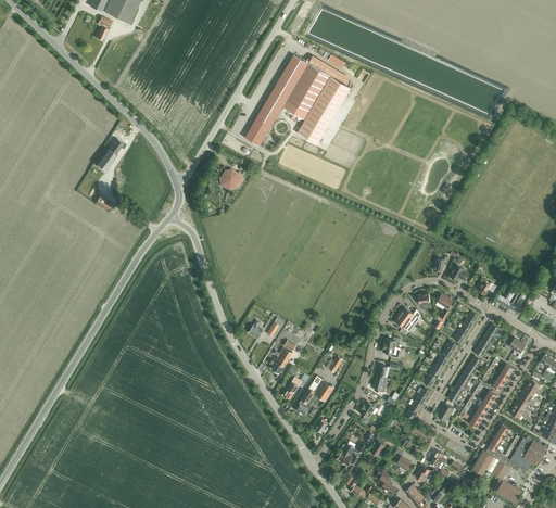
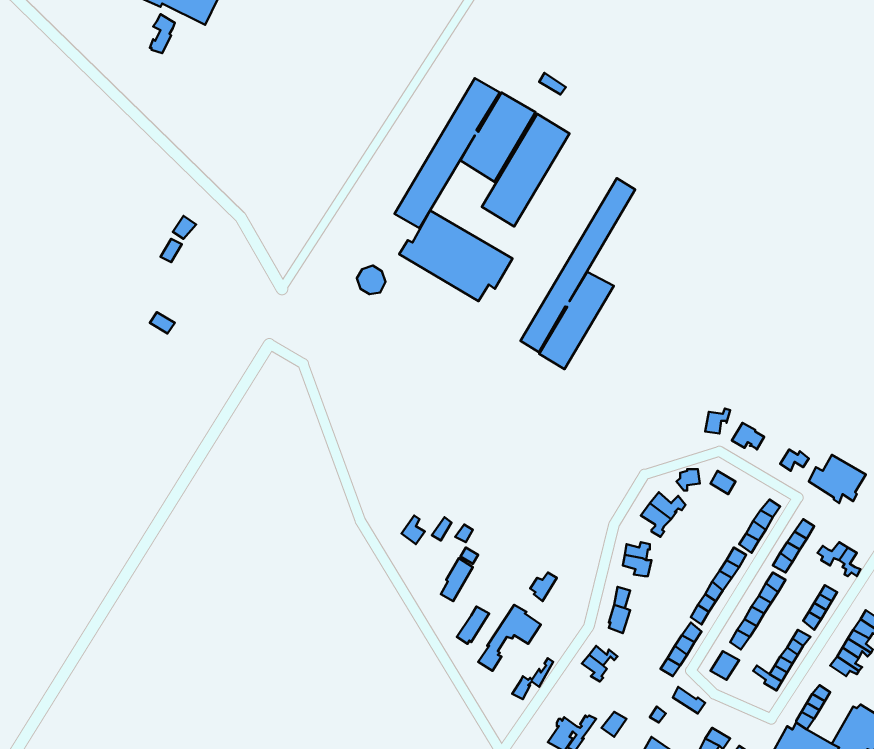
building: none -> [520,178,635,369]
building: none -> [399,210,512,301]

